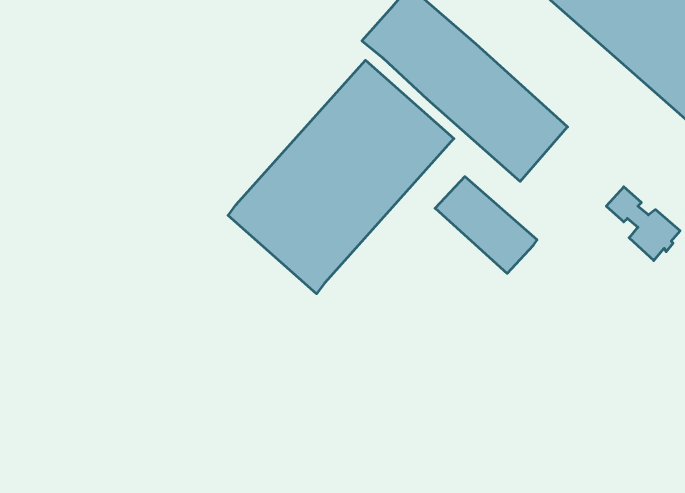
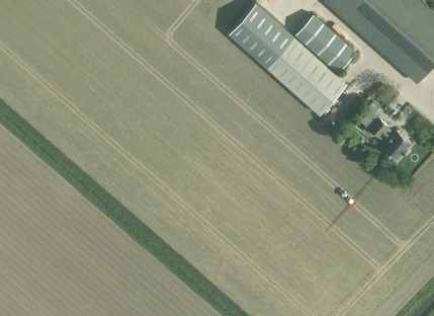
building: [228,60,454,294] -> none
building: [435,177,537,273] -> [296,17,355,73]

